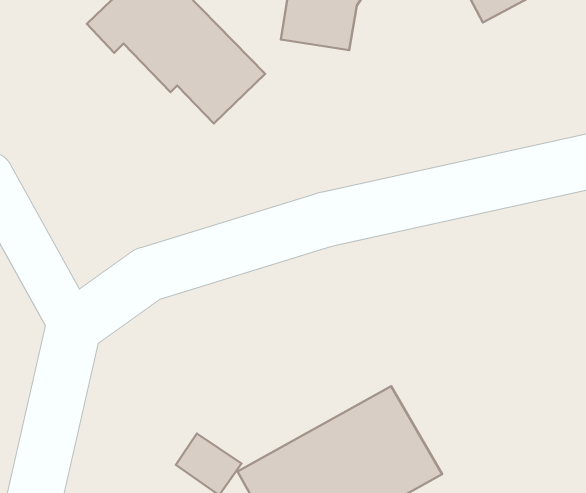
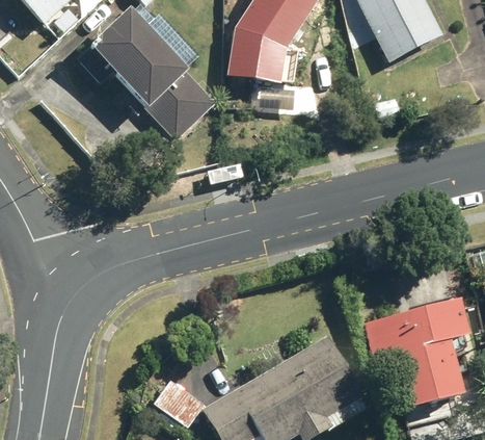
building: none -> [361,301,464,413]

